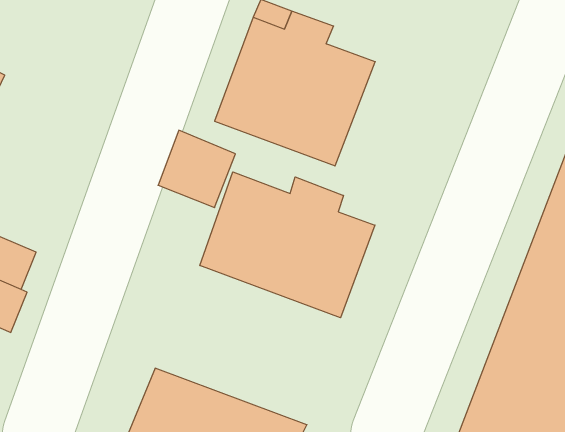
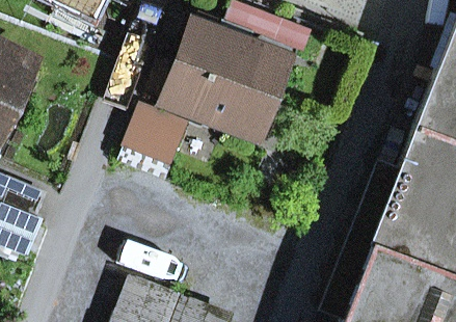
building: [200,172,375,318] -> none

